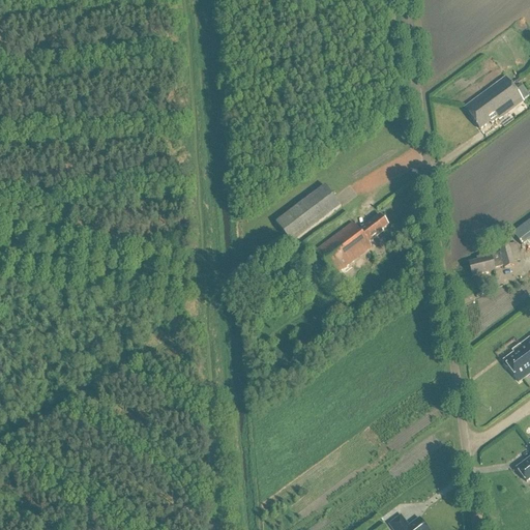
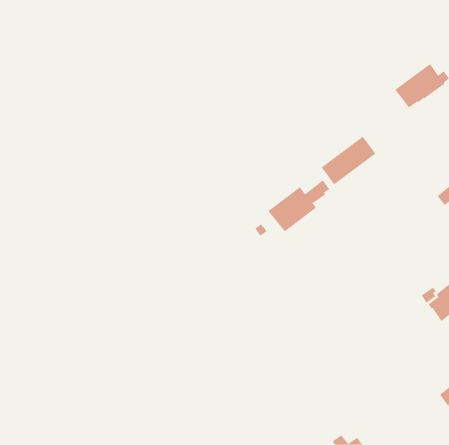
building: [276,182,342,240] -> [321,136,376,185]
building: [470,240,522,274] -> none

